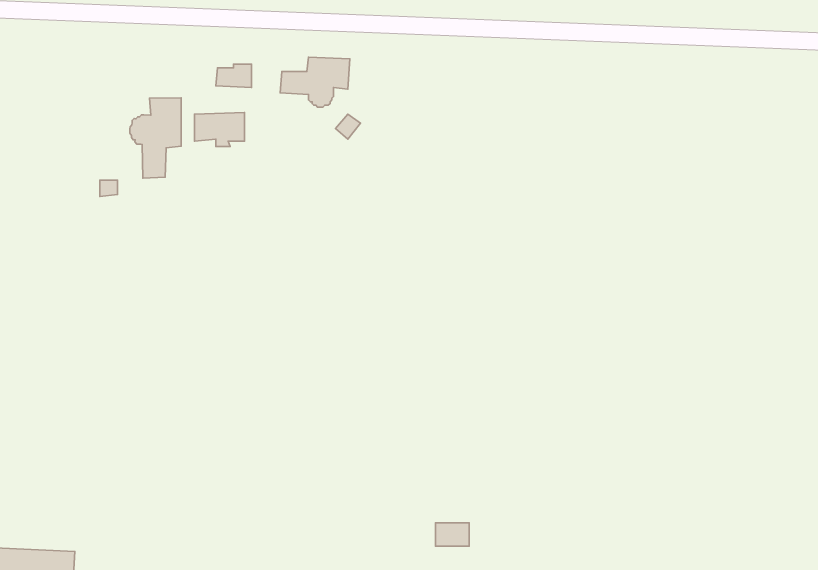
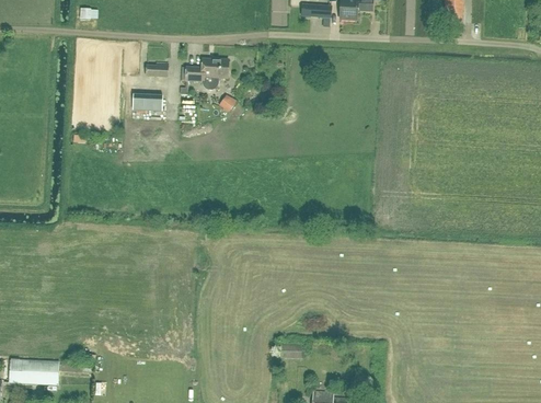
building: [130,98,181,178] -> none

